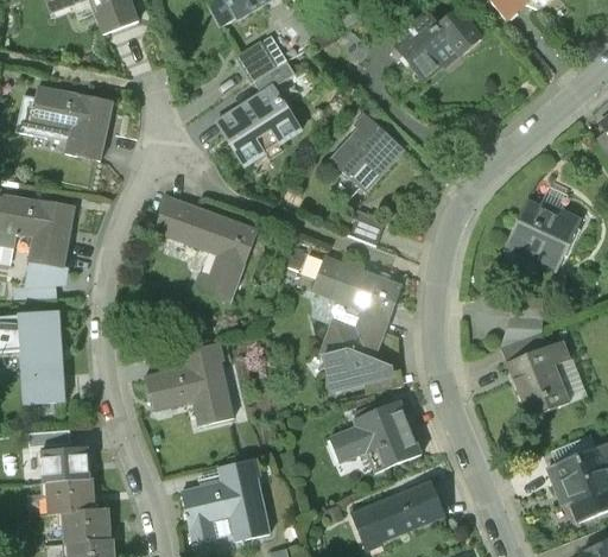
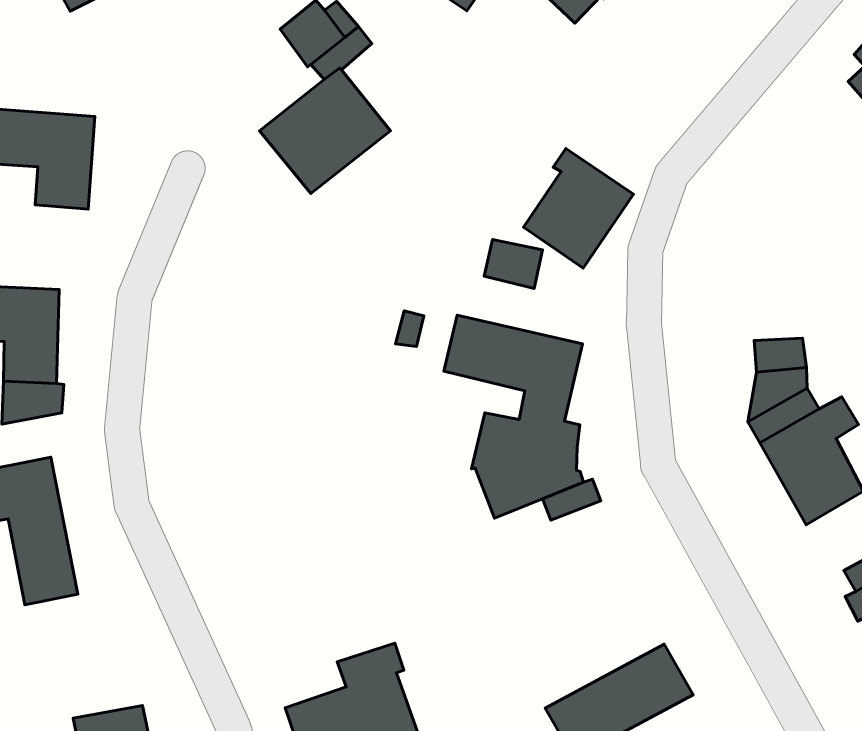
building: [330,114,403,191] -> [523,149,633,268]
building: [156,197,258,303] -> none
building: [502,201,580,271] -> none
building: [146,344,232,423] -> none
building: [330,400,418,470] -> none
building: [42,448,90,481] -> none

